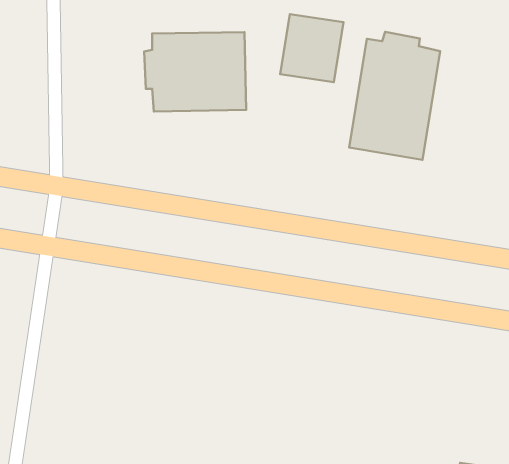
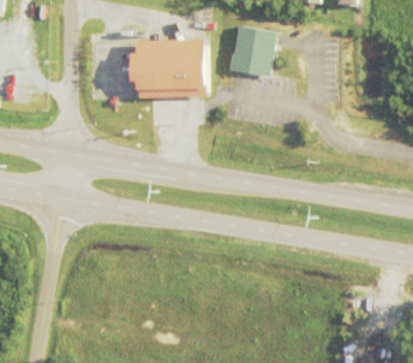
building: [349,32,440,160] -> none

